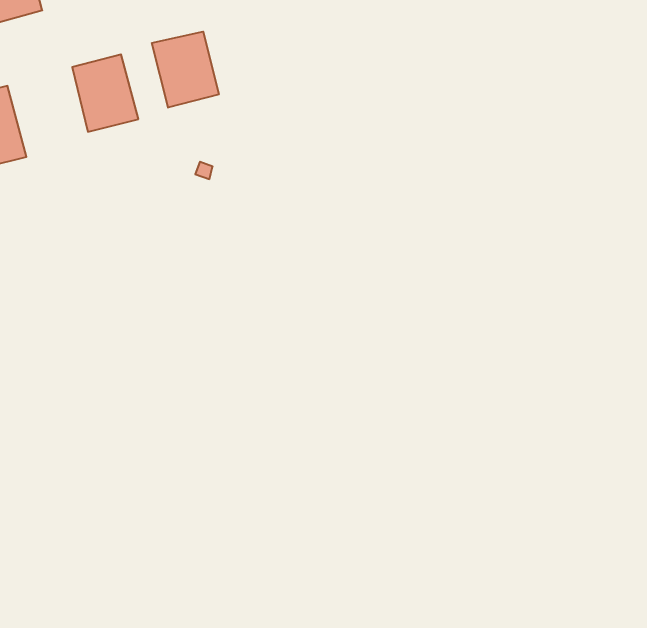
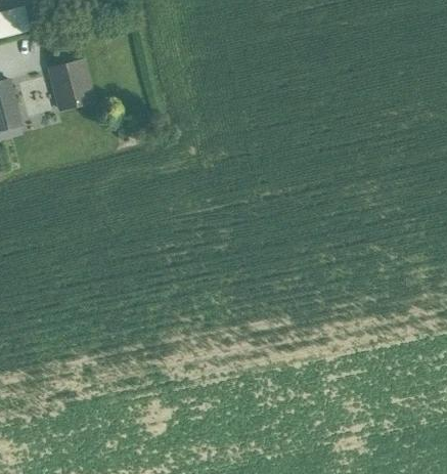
building: [152,32,219,108] -> none

